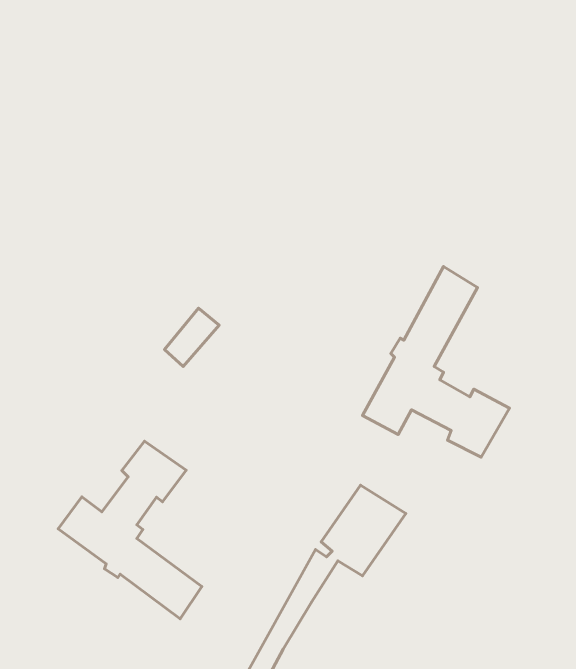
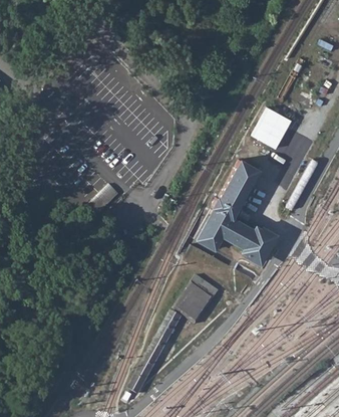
building: none -> [252,106,299,154]
building: [58,441,202,619] -> none

